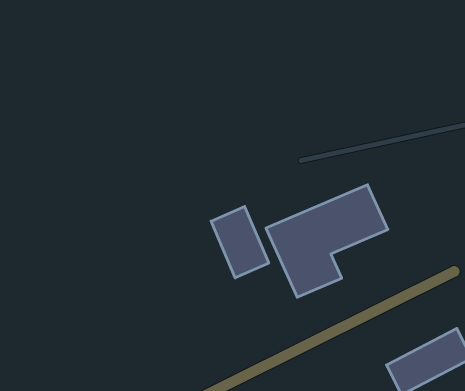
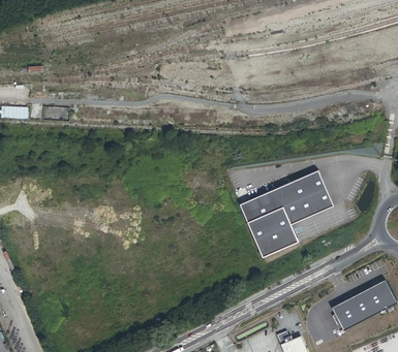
building: [211,206,269,278] -> none

